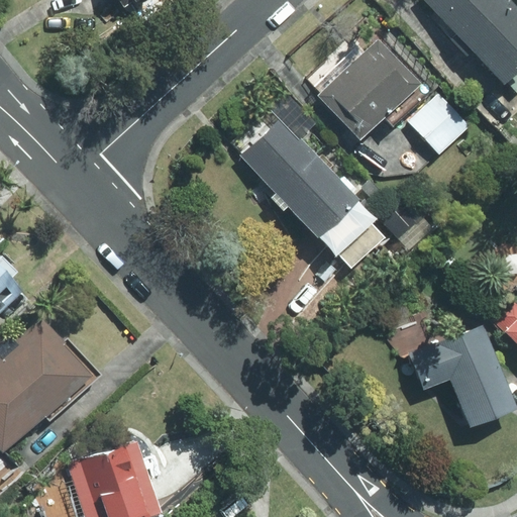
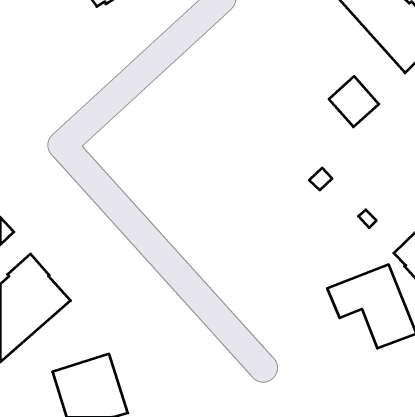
building: [318,42,422,145] -> none
building: [241,117,368,250] -> none

